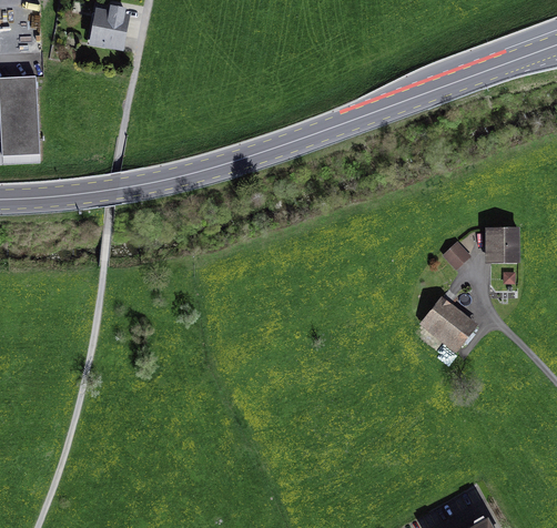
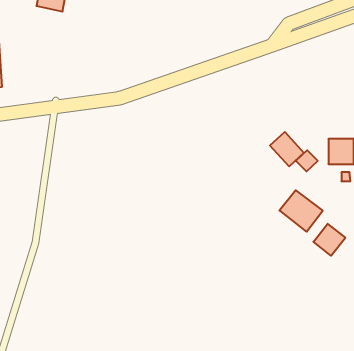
building: none -> [270,132,304,166]
building: none -> [313,224,345,256]

